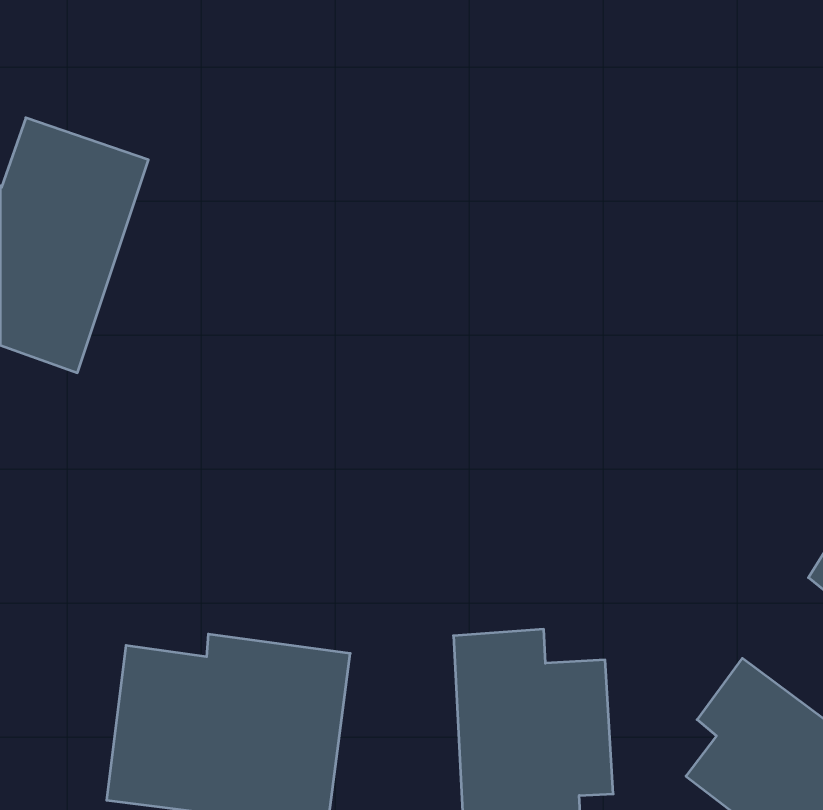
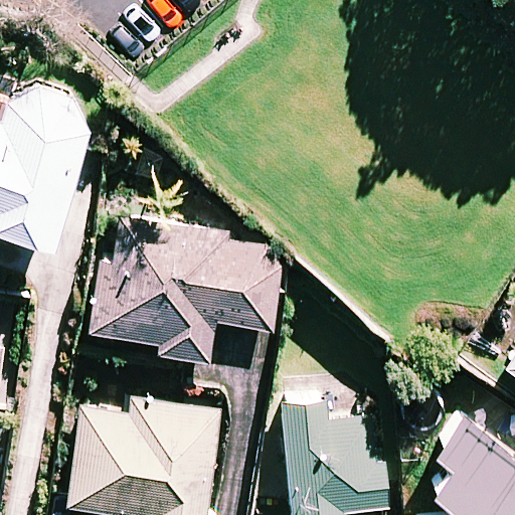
building: none -> [90,216,283,363]

